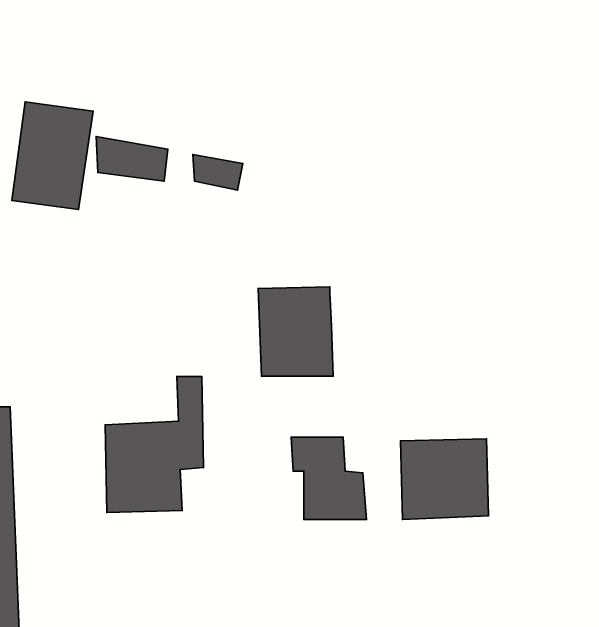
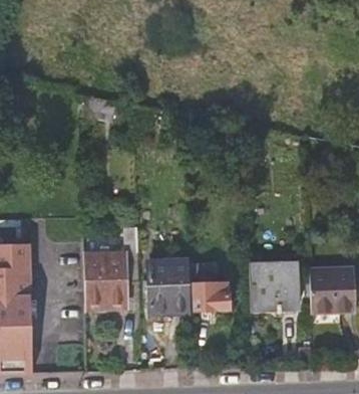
building: [12,102,93,209] -> none
building: [258,287,333,376] -> [146,260,189,311]
building: none -> [307,266,354,313]

